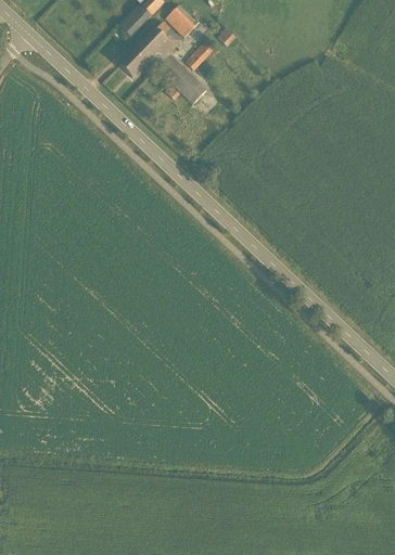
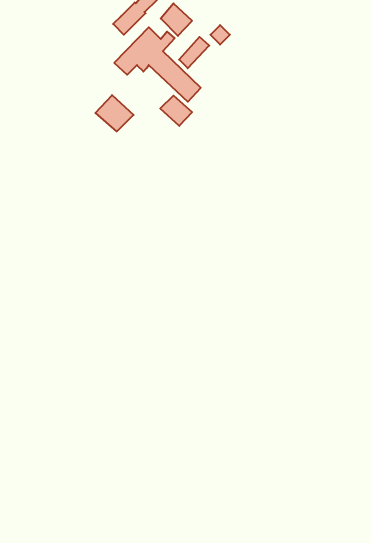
building: none -> [95,95,134,131]
building: none -> [160,96,192,126]

